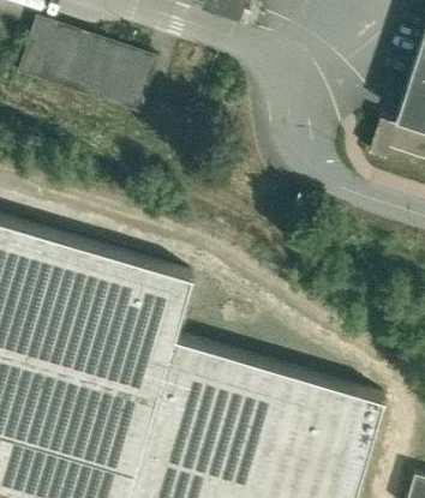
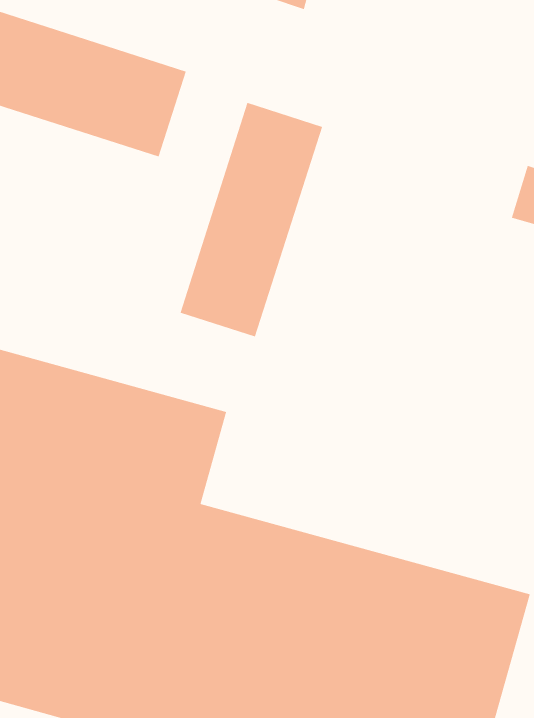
building: none -> [179,102,323,338]

